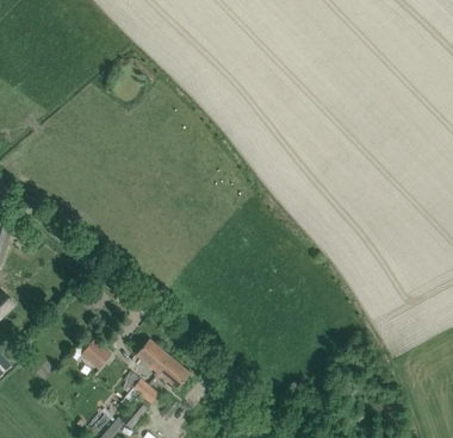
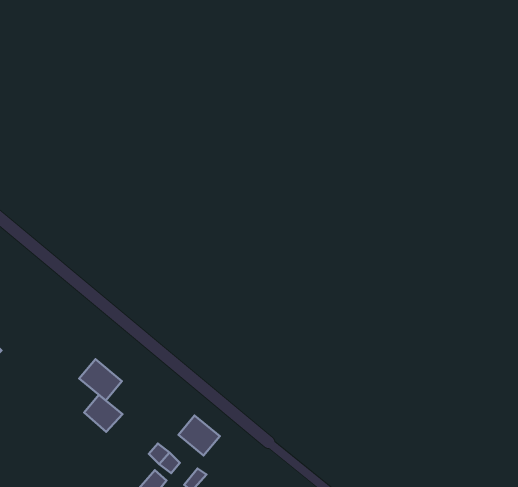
building: [136,339,170,373] -> [79,359,122,400]

